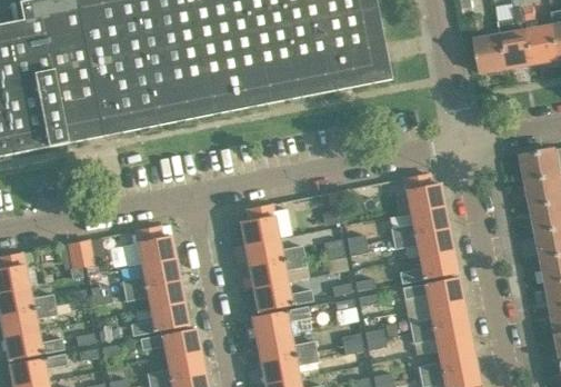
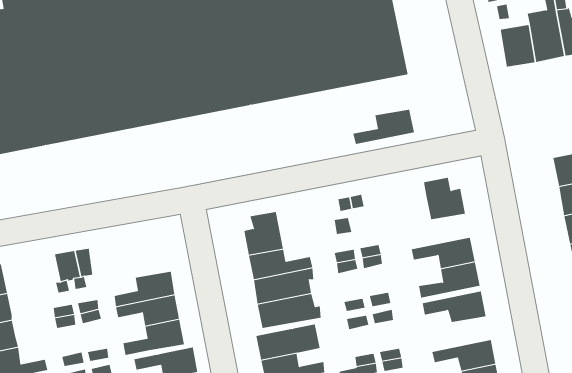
building: [391,207,448,239] -> [353,109,415,145]
building: [136,226,176,265] -> none
building: [410,300,467,333] -> none

